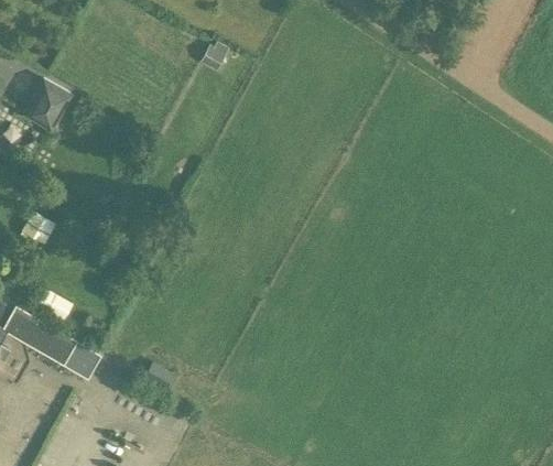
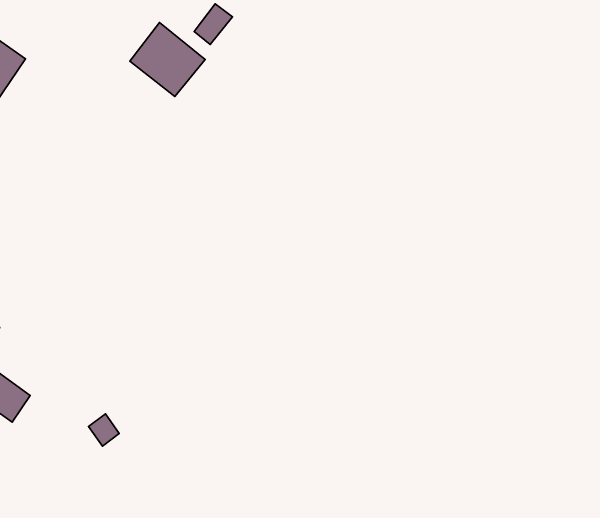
building: none -> [130,23,205,97]

